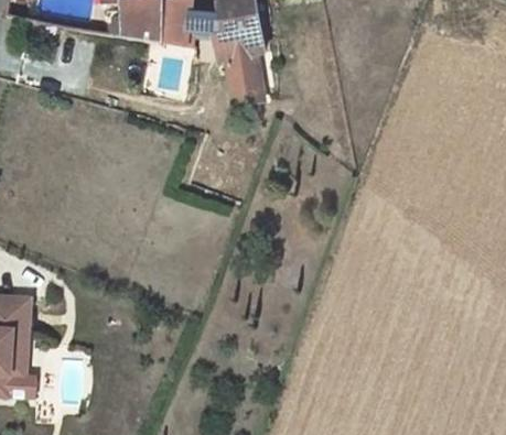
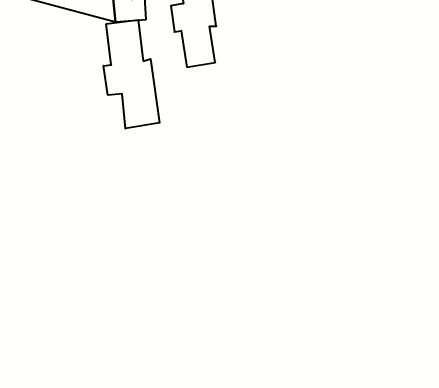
building: none -> [104,20,160,129]

